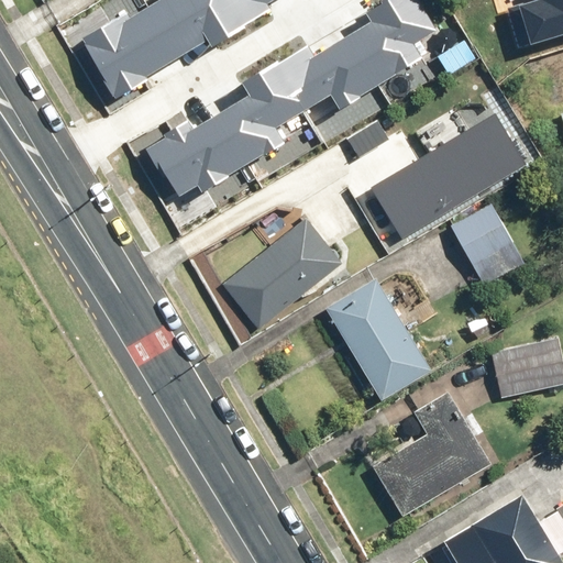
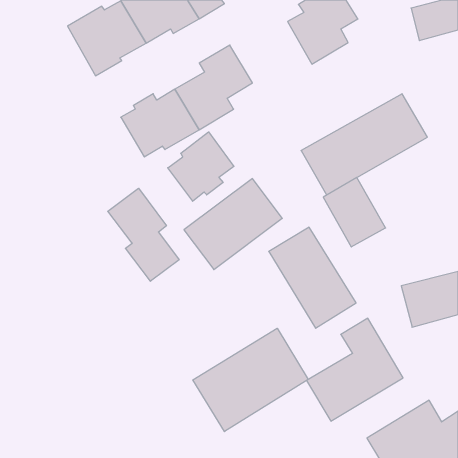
building: [280,30,380,106] -> none
building: none -> [168,132,234,201]
building: [451,202,527,287] -> [323,177,386,247]
building: none -> [108,188,179,281]
building: none -> [193,328,308,432]

